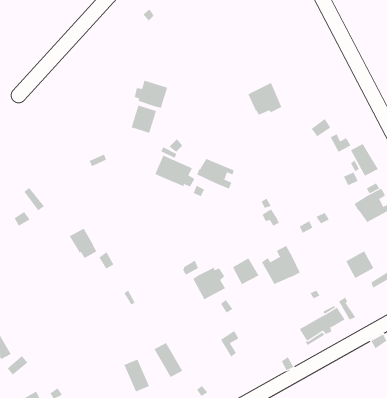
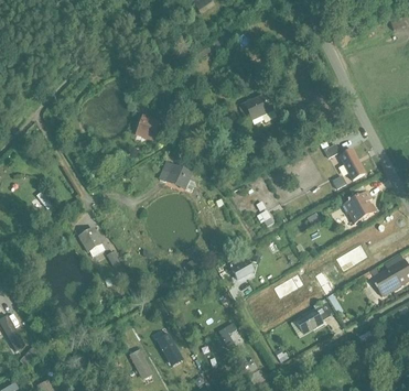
building: [134,80,168,108] -> none
building: [196,158,234,190] -> none
building: [261,245,301,285] -> none
building: [193,267,226,300] -> none

